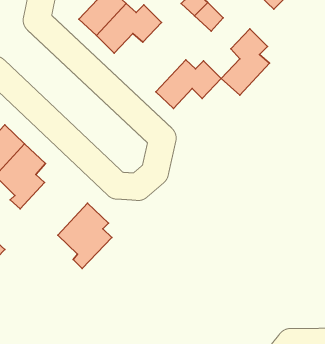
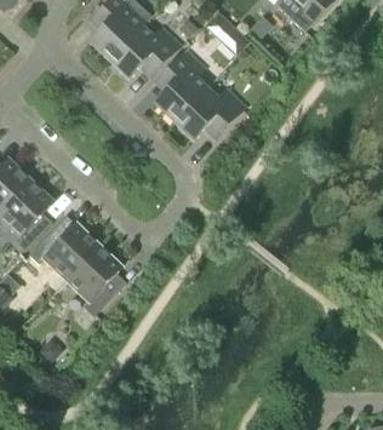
building: [221,29,270,95] -> [154,48,207,121]
building: none -> [28,222,99,279]

